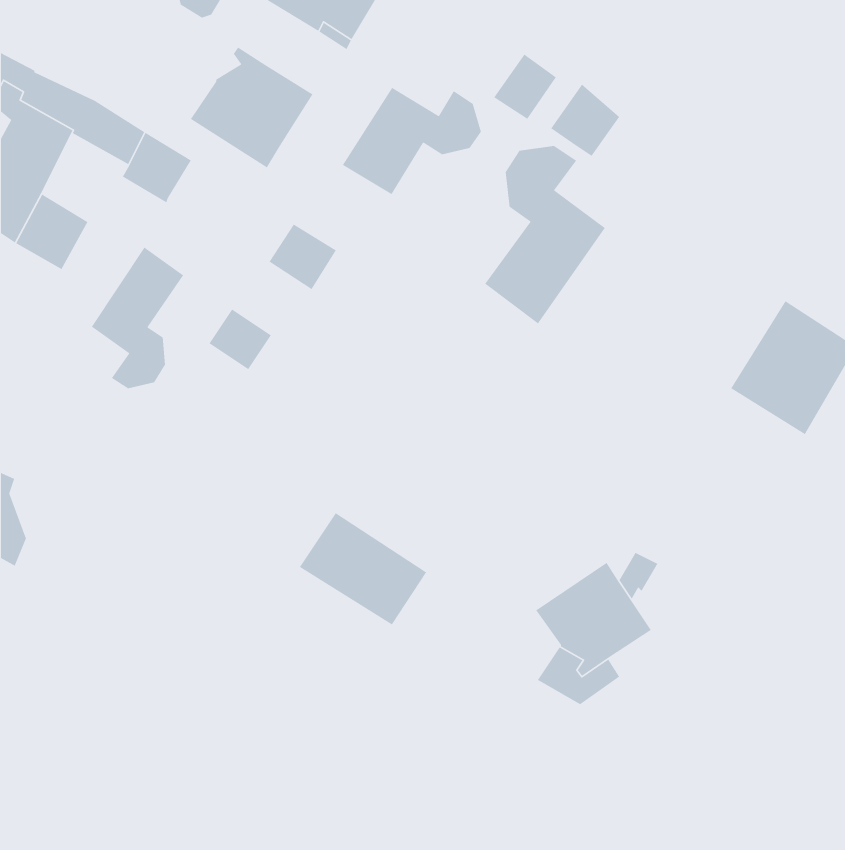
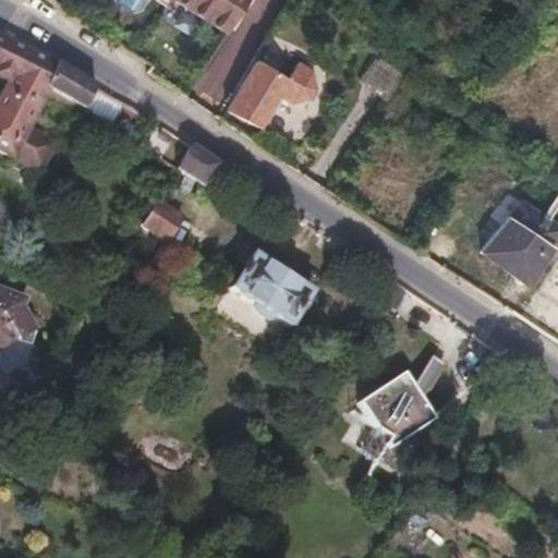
building: [190,47,313,169] -> none
building: [493,54,557,120] -> none
building: [484,145,606,324] -> none
building: [91,247,184,389] -> none
building: [299,512,427,626] -> [233,253,317,327]

